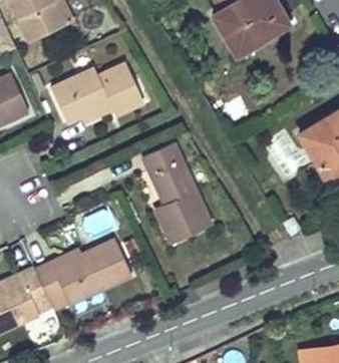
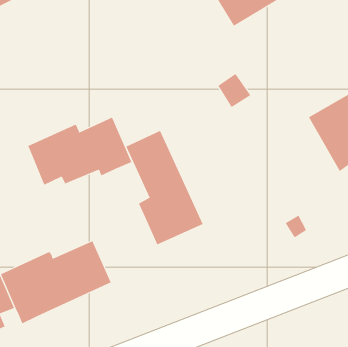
building: [52,63,142,122] -> [27,117,132,185]

